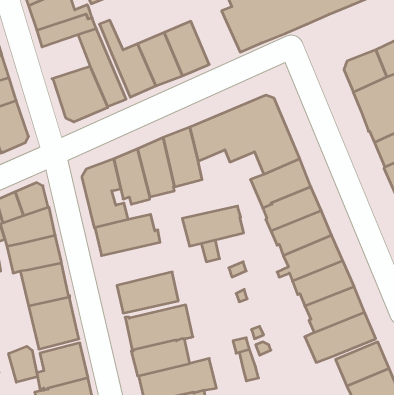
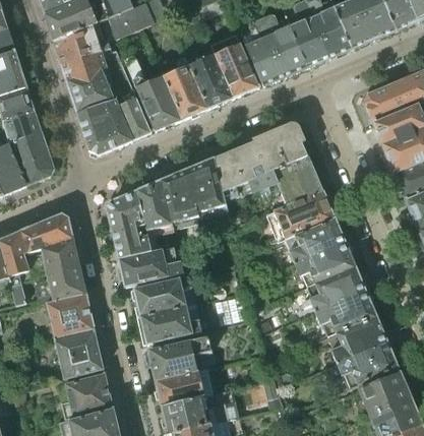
building: none -> [215,43,260,97]
building: none -> [67,67,115,111]
building: [182,206,244,246] -> [134,275,195,315]
building: [9,346,38,382] -> none

